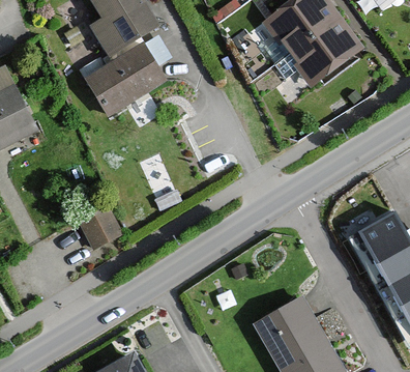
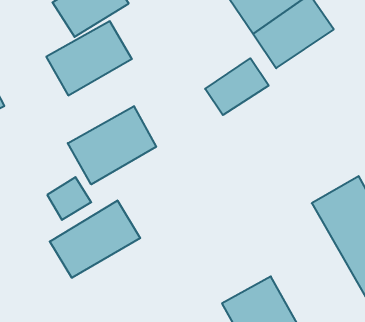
building: none -> [205,58,269,115]
building: none -> [68,106,156,184]
building: none -> [50,200,140,278]

